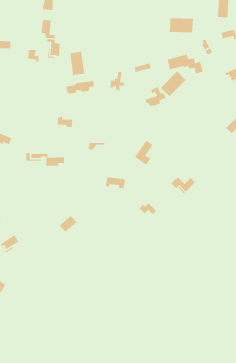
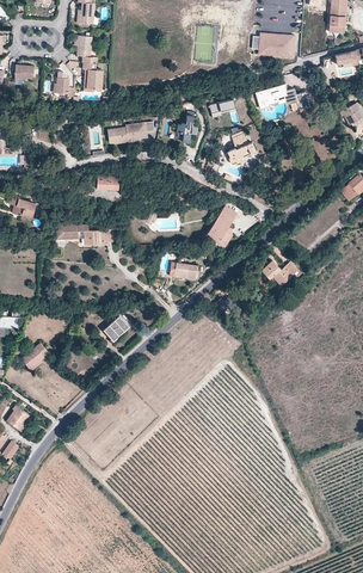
building: [69,51,85,76] -> none
building: [160,70,187,97] -> none

